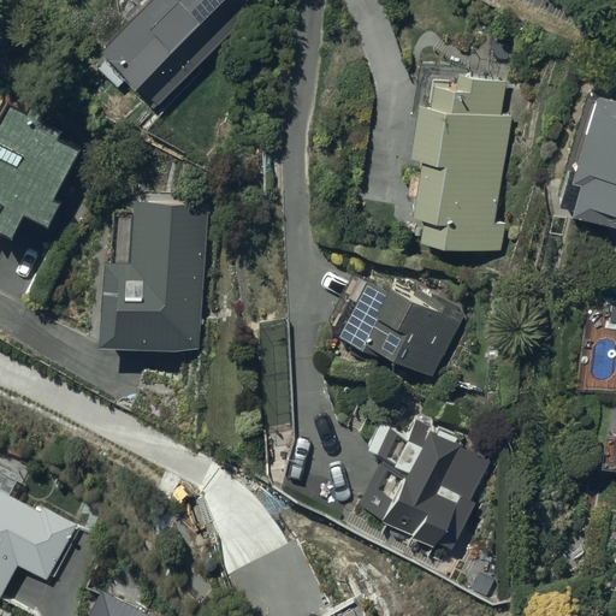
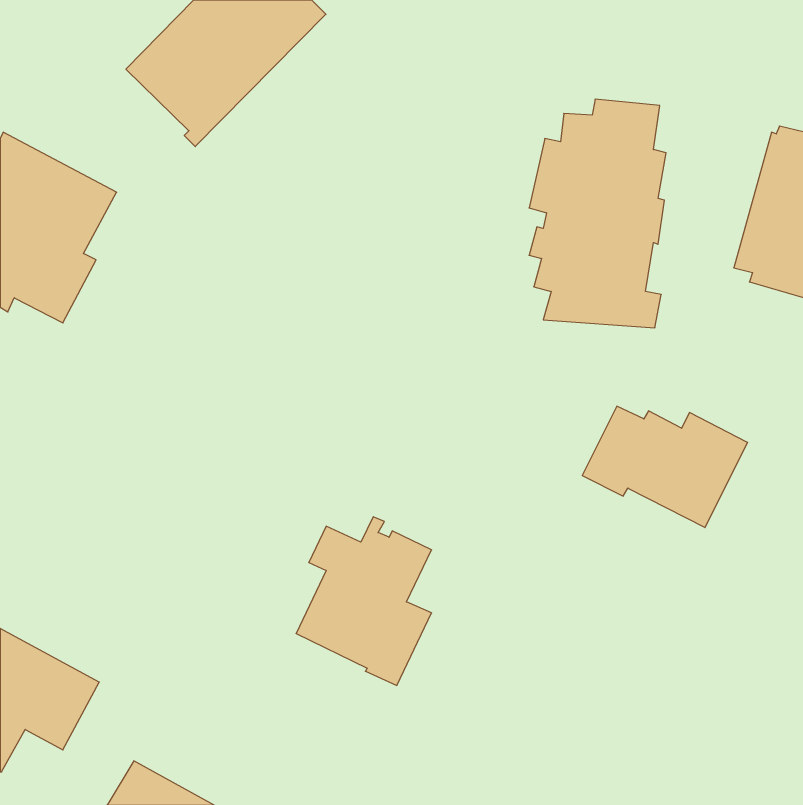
building: [99,205,203,351] -> none
building: [337,285,463,378] -> [582,406,748,528]
building: [357,419,461,547] -> [296,517,432,685]

